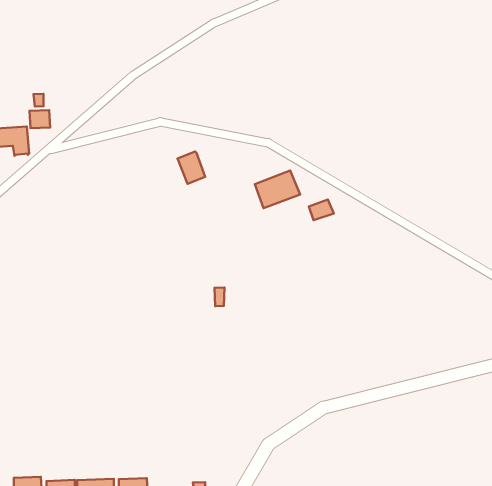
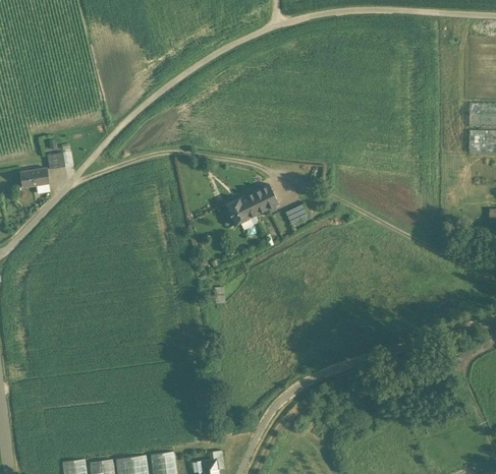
building: [178,152,205,184] -> [226,197,251,225]

